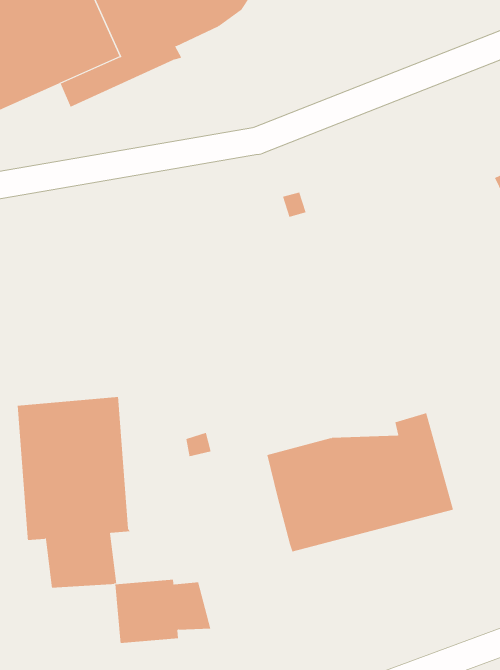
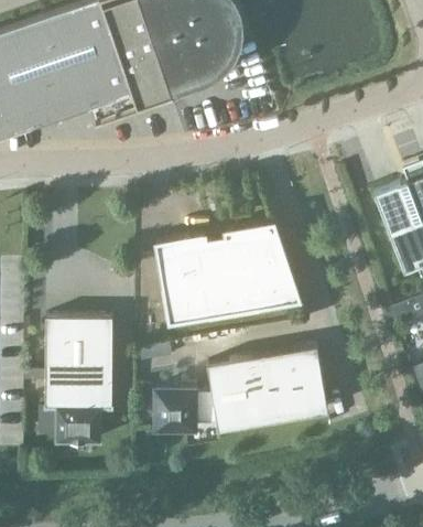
building: none -> [156,224,300,323]
building: [114,579,211,644] -> [155,391,217,431]

